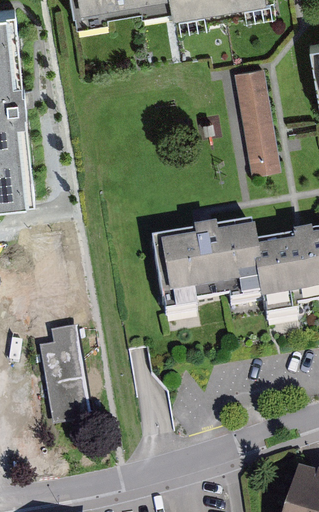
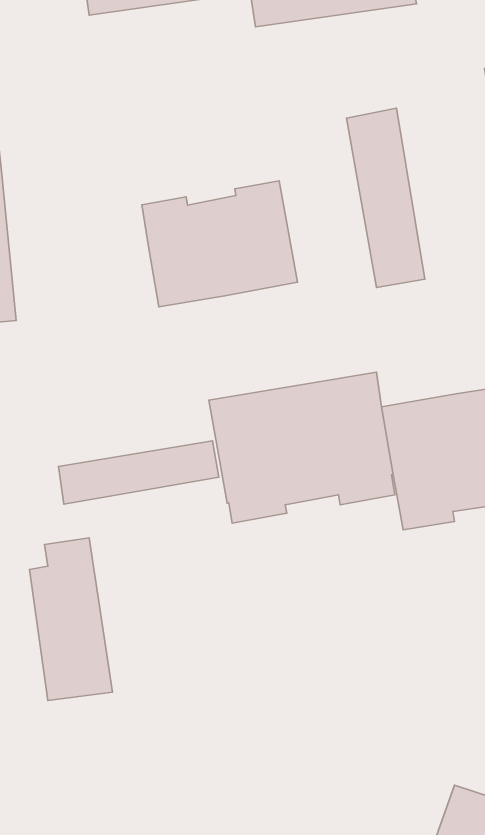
building: none -> [142,181,298,307]
building: none -> [59,441,219,504]

